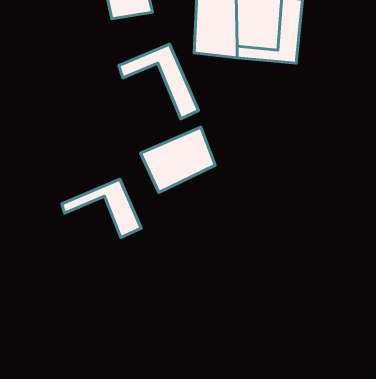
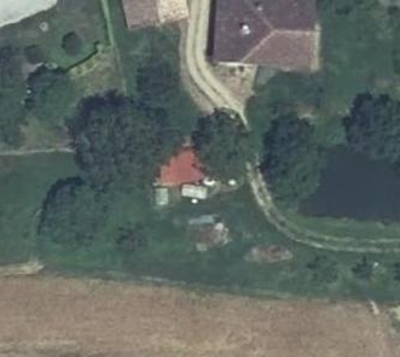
building: [119,44,199,119] -> none
building: [62,179,141,238] -> none

